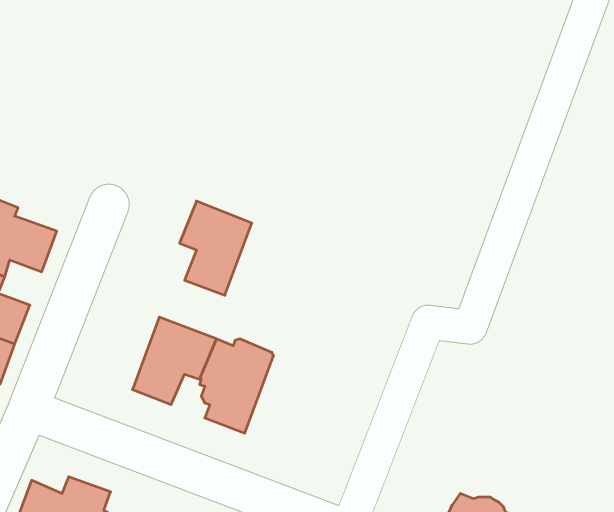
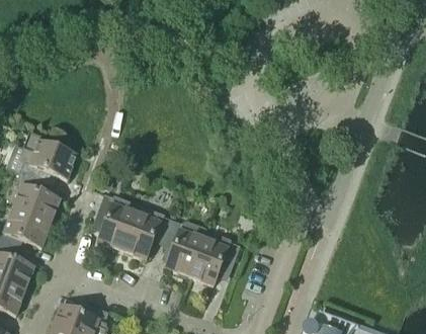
building: [180,201,252,295] -> [94,193,138,250]
building: none -> [189,230,240,285]

